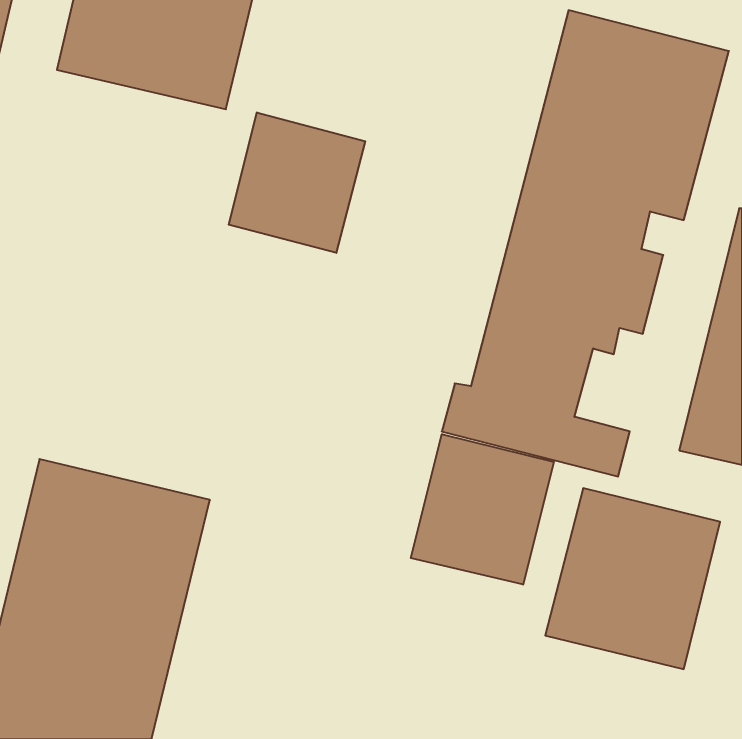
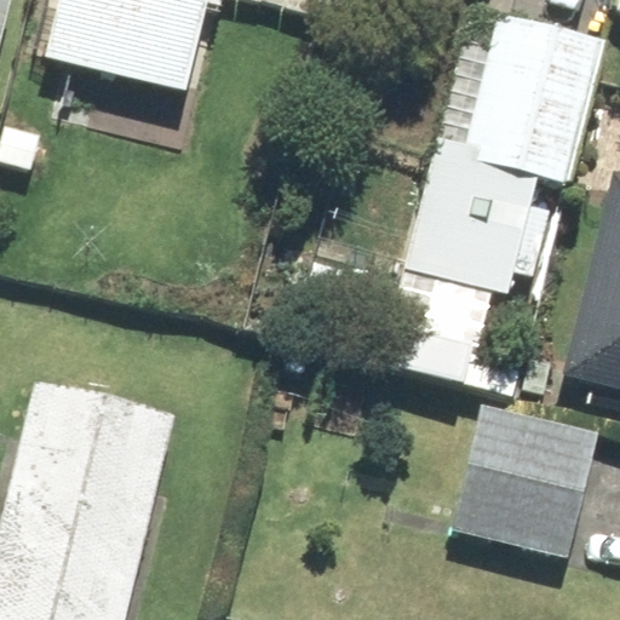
building: [229,112,365,253] -> none
building: [411,434,554,585] -> none

